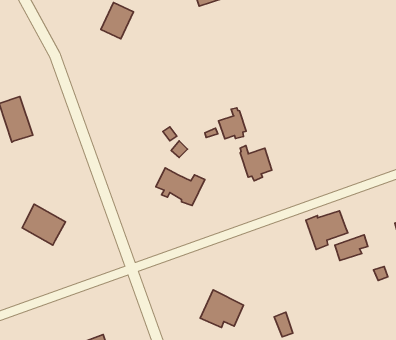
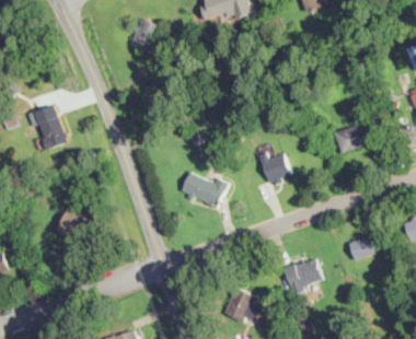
building: [218,108,246,139] -> none
building: none -> [333,122,370,153]
building: [306,211,348,249] -> [282,259,322,295]

